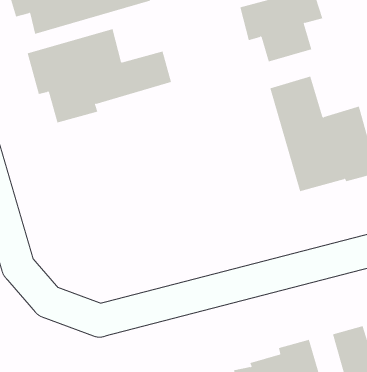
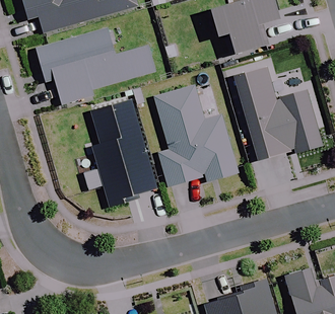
building: none -> [154,85,239,185]
building: none -> [90,98,156,206]

